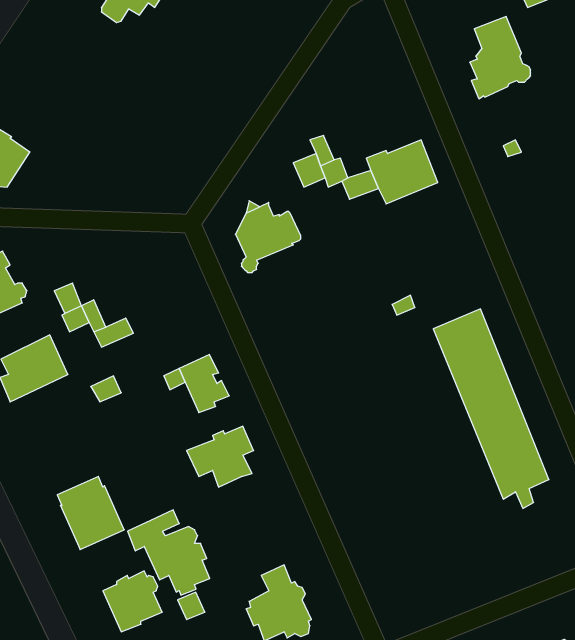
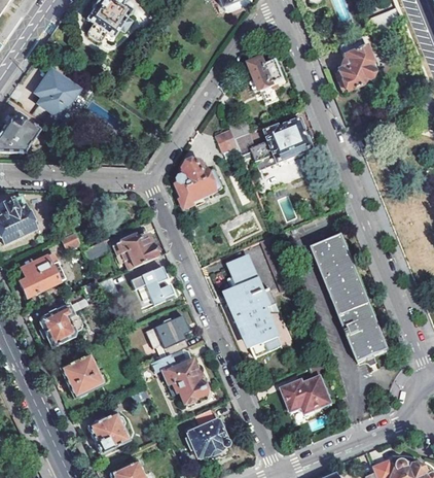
building: none -> [242,57,286,91]
building: none -> [31,69,78,126]
building: none -> [112,233,158,268]
building: none -> [228,258,279,356]
building: none -> [40,304,82,346]
building: [128,510,210,595] -> [151,347,207,405]
building: none -> [283,377,333,415]

